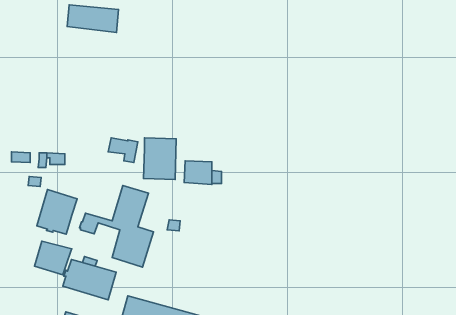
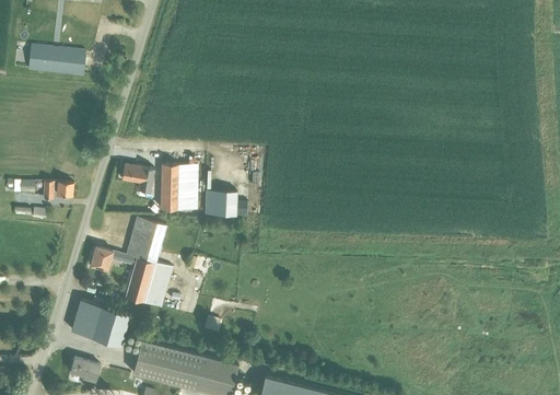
building: [67,5,118,32] -> [27,45,84,75]
building: [37,189,77,234] -> none
building: [35,241,72,275] -> none

